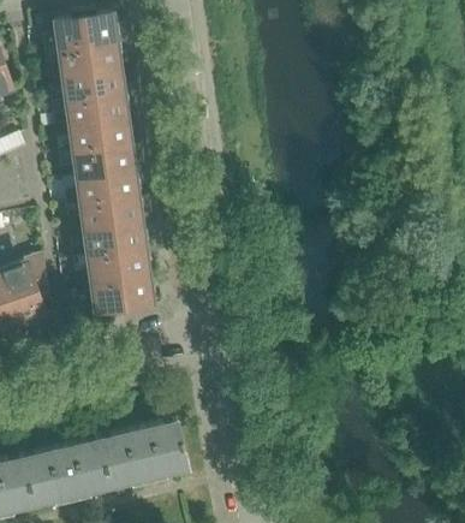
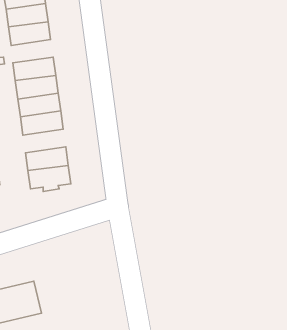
building: [65,94,125,127] -> none
building: [82,222,143,256] -> none
building: [97,421,186,486] -> none

